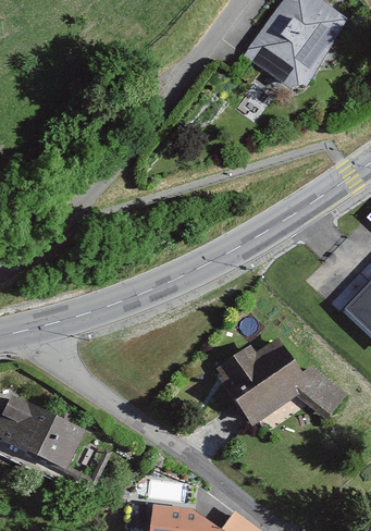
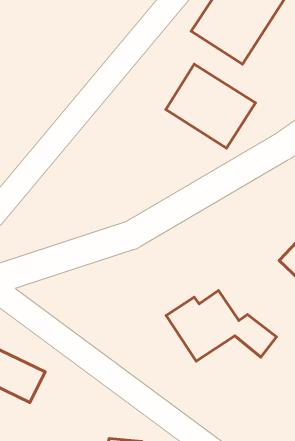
building: none -> [166,64,256,148]

